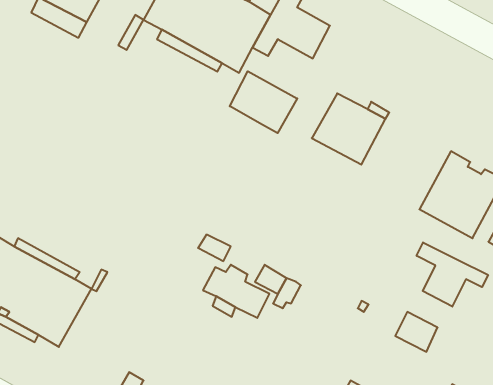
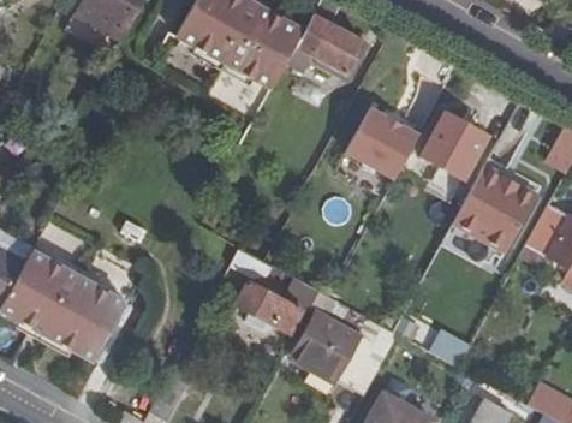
building: [230,71,297,133] -> none
building: none -> [421,113,485,178]
building: [417,242,488,307] -> none
building: none -> [298,326,357,380]

